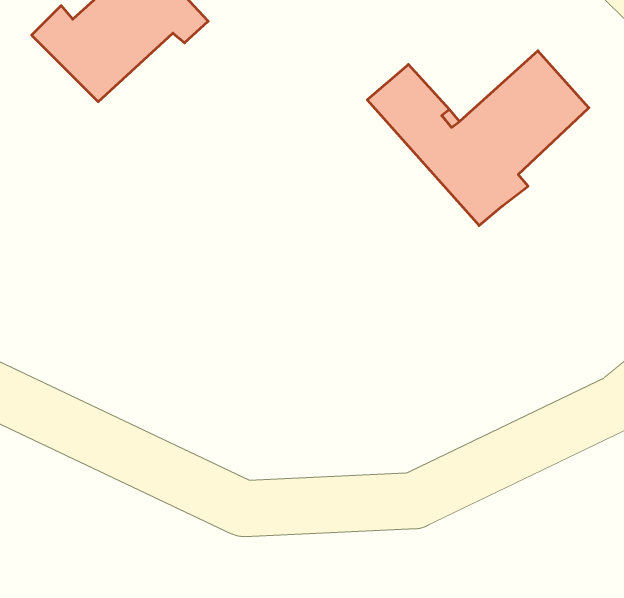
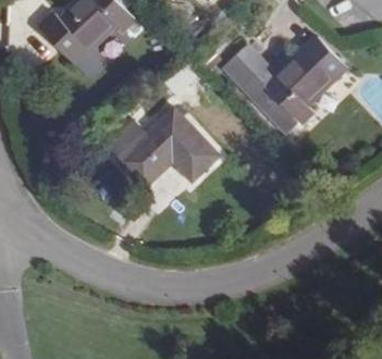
building: none -> [114,108,218,190]

